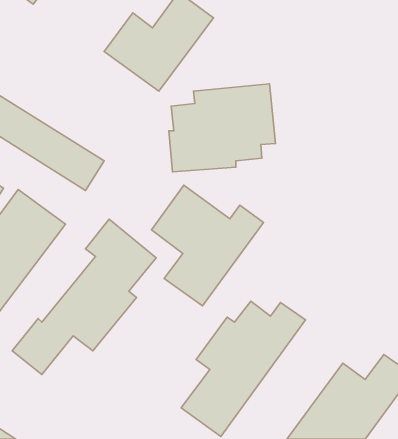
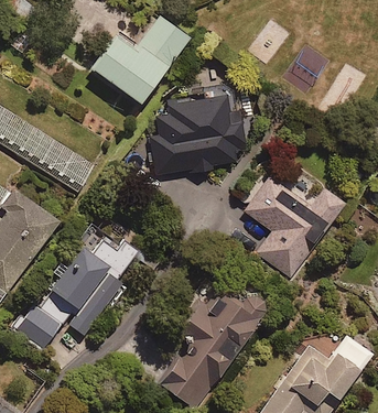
building: [152,185,263,306] -> [242,172,342,279]

